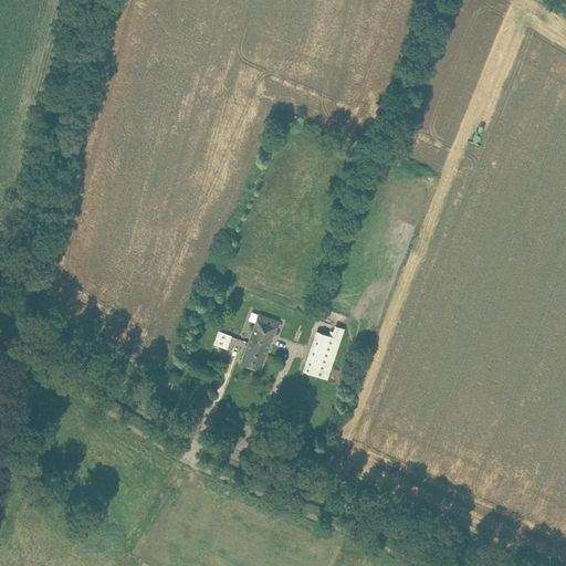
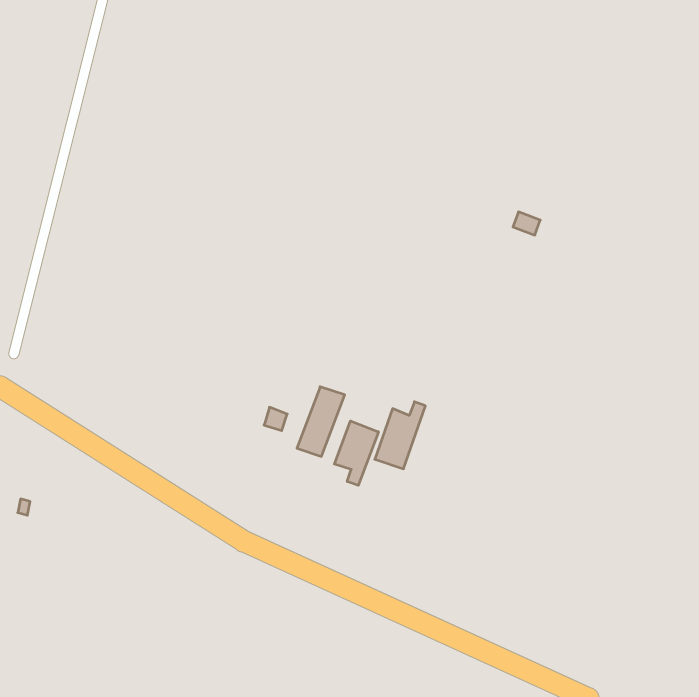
building: none -> [334,421,378,485]

